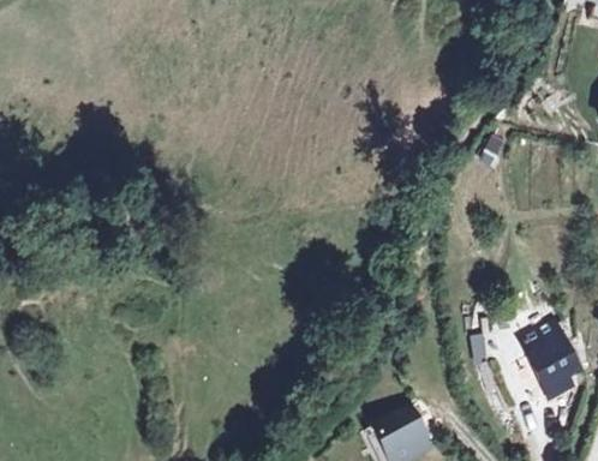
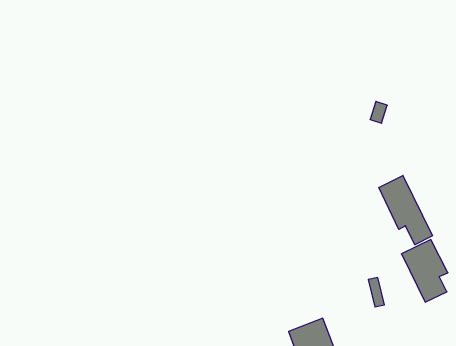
building: none -> [379,175,432,245]

